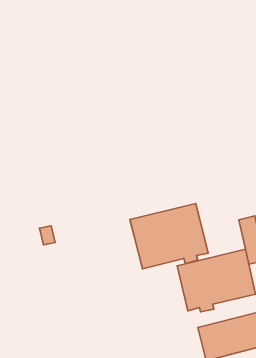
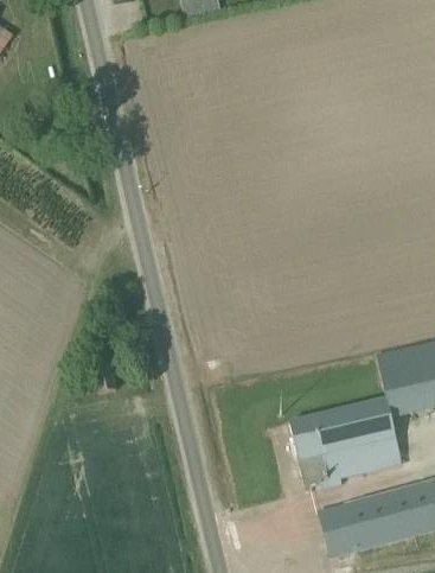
building: [130,203,208,269] -> none

